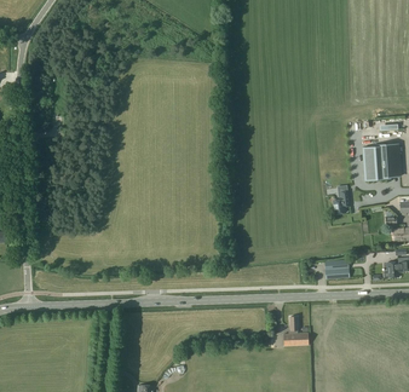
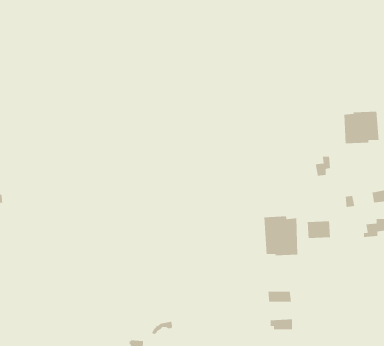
building: none -> [264,216,298,256]

